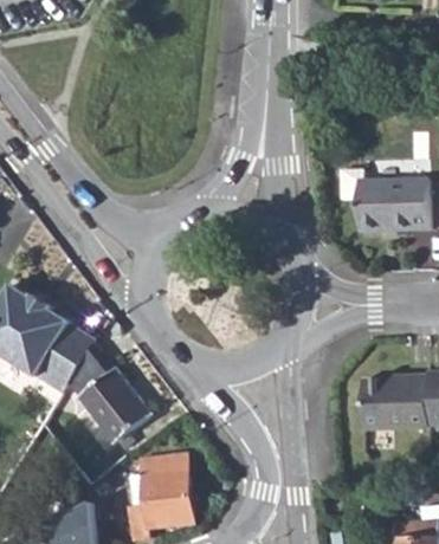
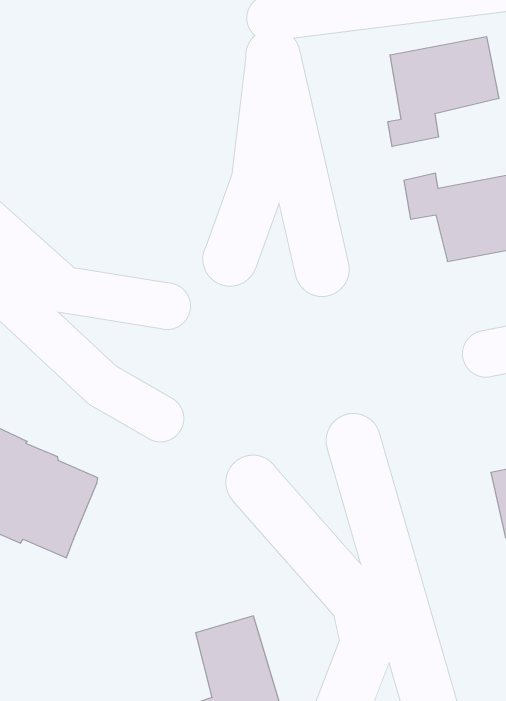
building: none -> [388,37,499,147]
building: [71,344,150,445] -> none

